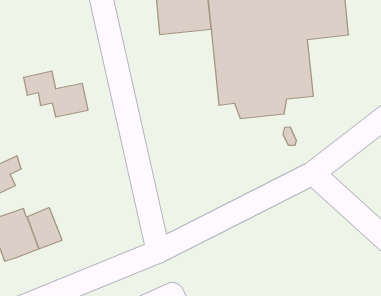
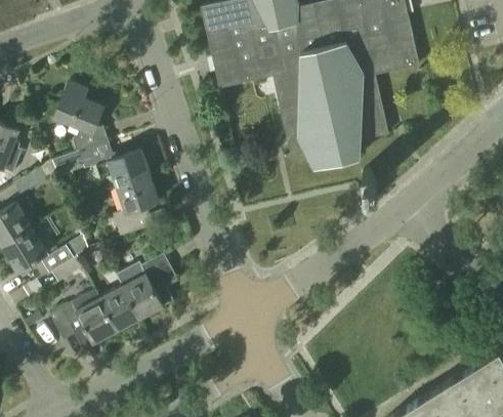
building: none -> [54,82,109,152]
building: none -> [114,177,159,237]
building: none -> [116,254,177,319]

